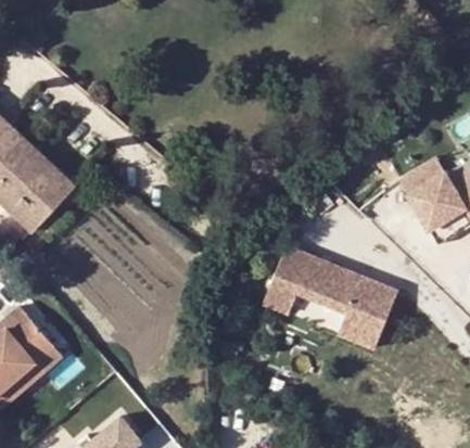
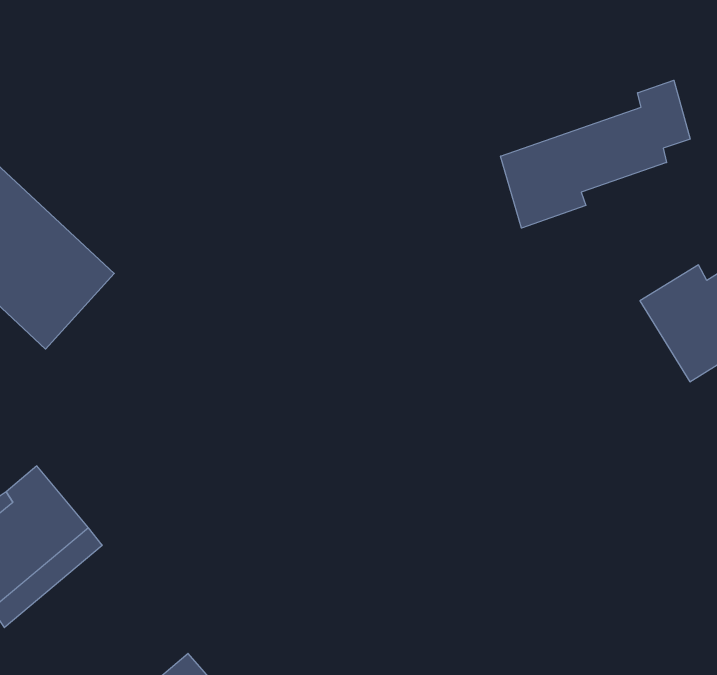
building: none -> [501,80,690,228]
building: [259,251,394,350] -> none

